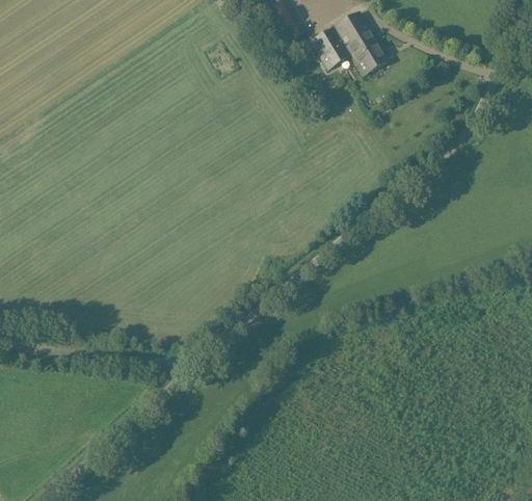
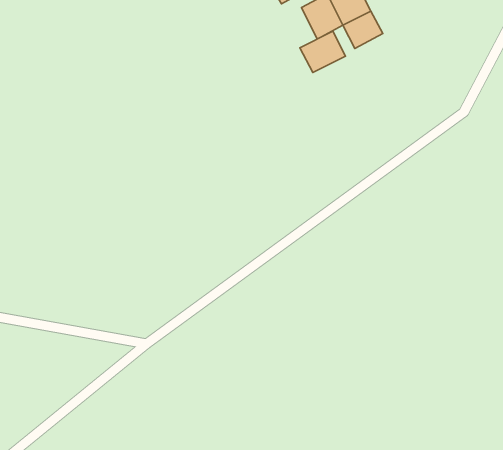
building: none -> [300,31,346,73]

